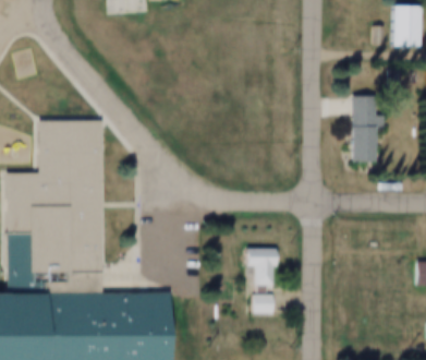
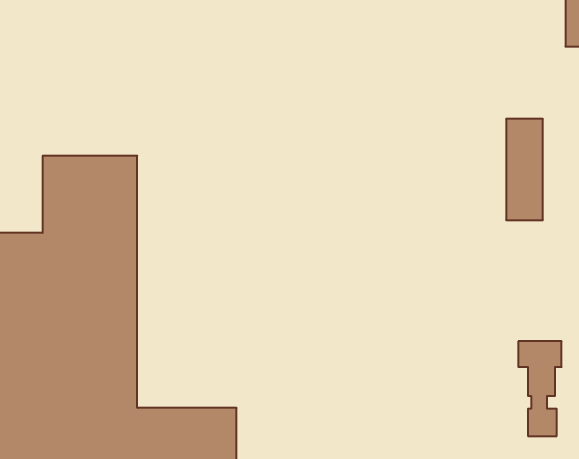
building: [249,248,279,312] -> [518,341,562,436]

